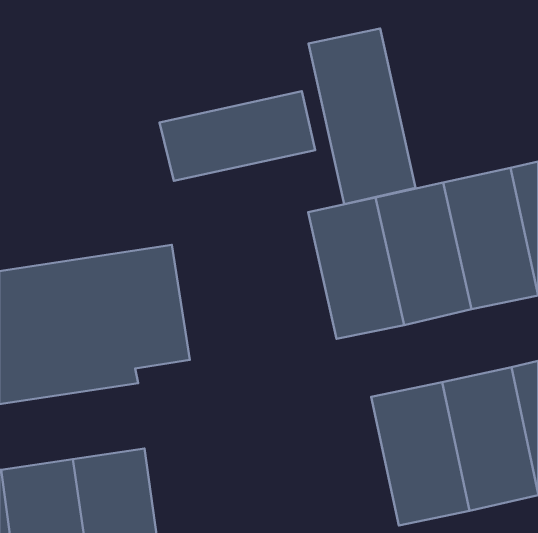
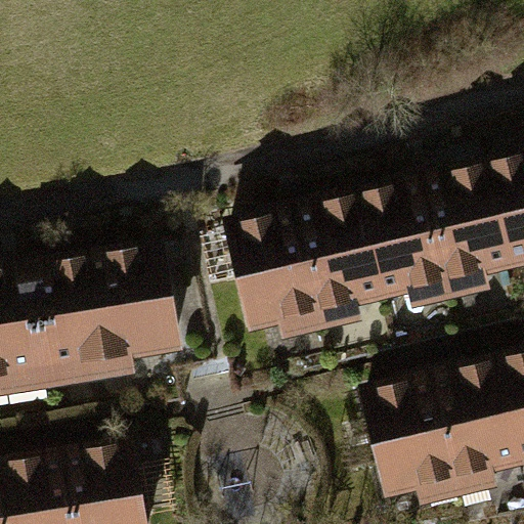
building: [308,29,416,204] -> none
building: [160,91,315,181] -> none
building: none -> [234,212,326,349]

